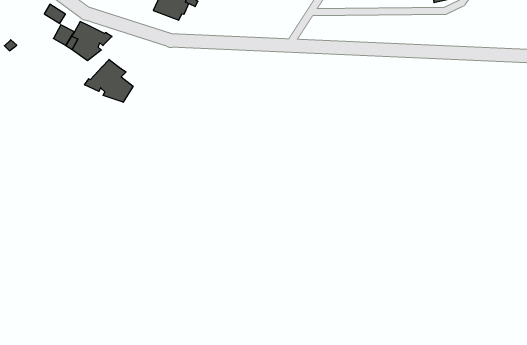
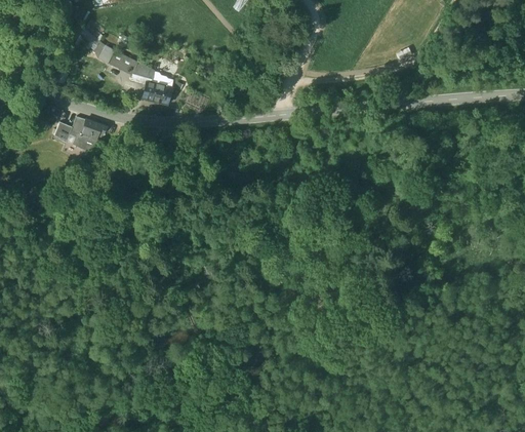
building: [85,59,133,102] -> none

